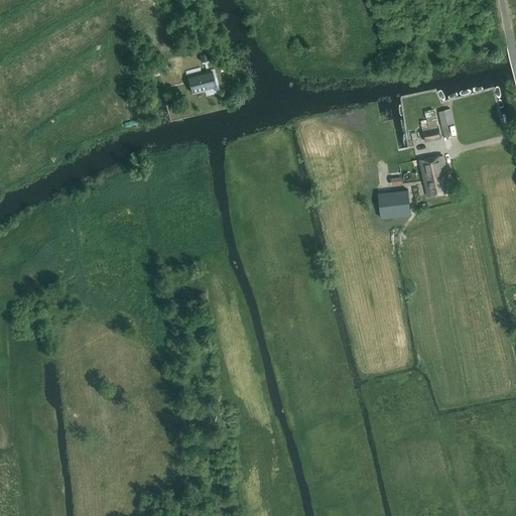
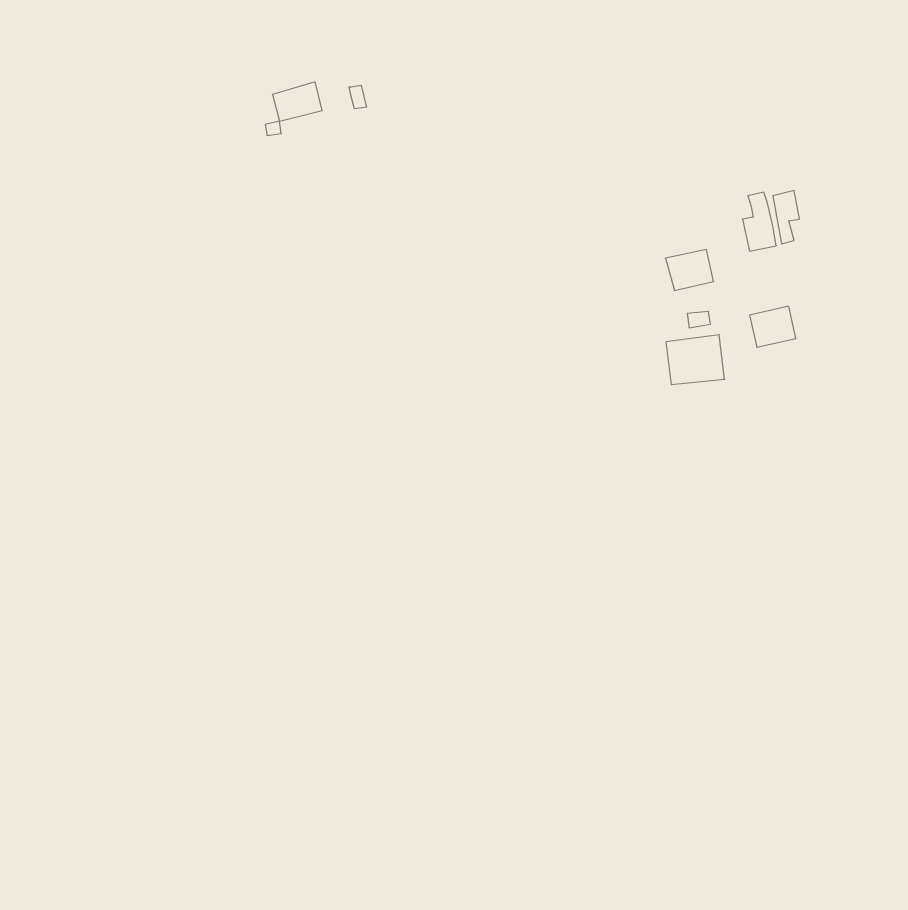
building: [186,71,215,93] -> [272,82,322,121]
building: [419,155,446,178] -> [665,249,714,290]

